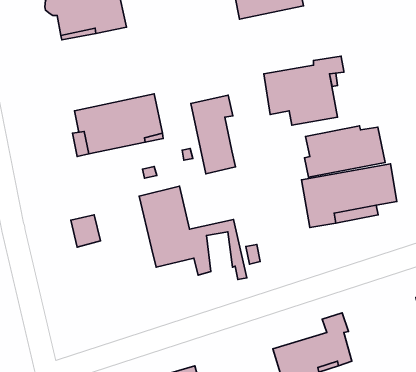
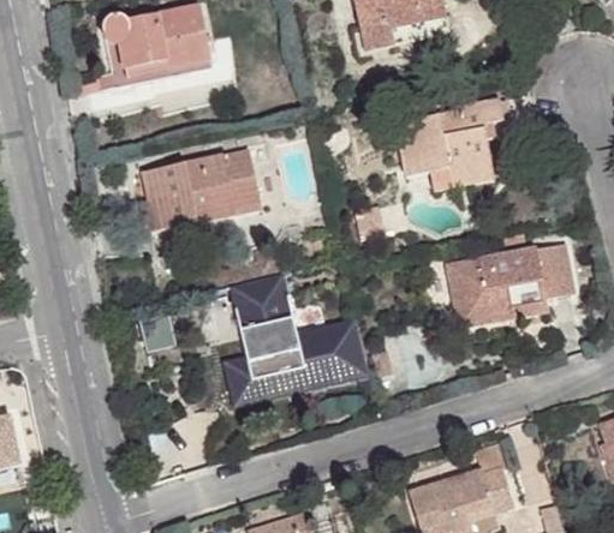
building: [191,95,235,174] -> none
building: [305,126,385,177] -> none
building: none -> [222,355,309,408]

